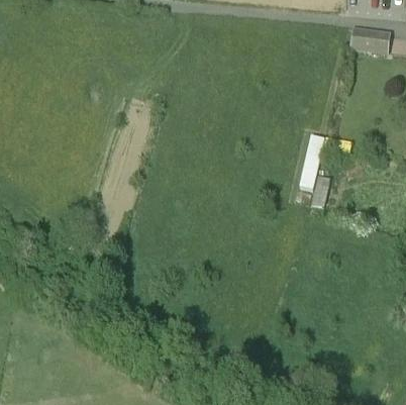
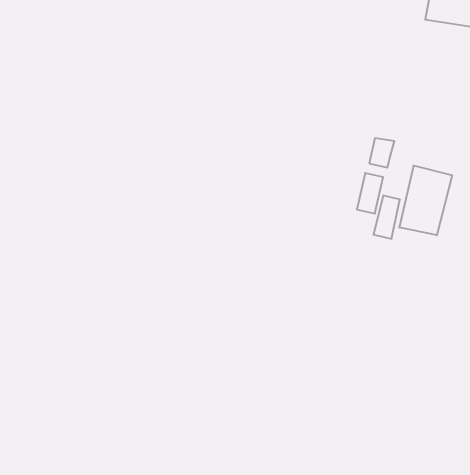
building: none -> [399,165,452,235]

